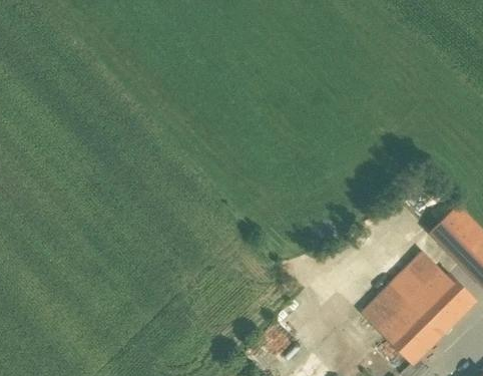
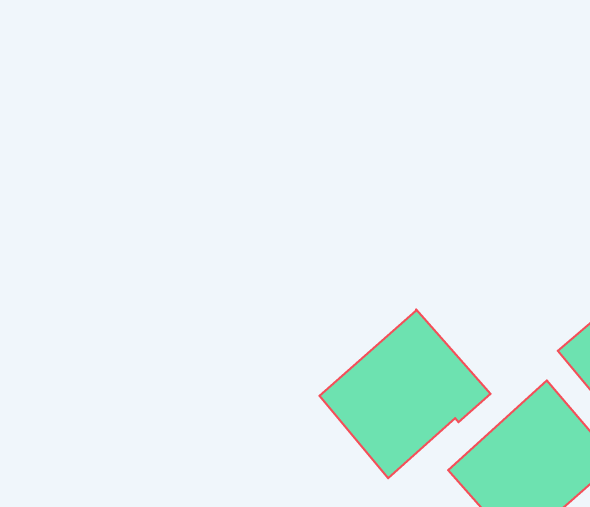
building: none -> [319,309,491,478]

